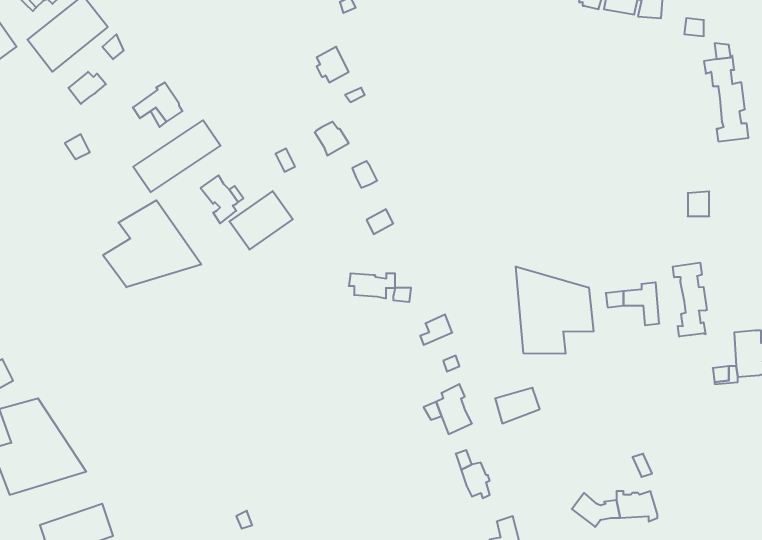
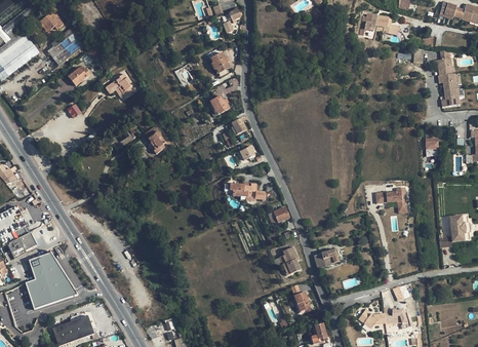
building: [133,120,221,192] -> none
building: [229,191,293,250] -> none
building: [103,200,201,287] -> none
building: [673,263,707,337] -> none
building: [516,266,594,354] -> none

